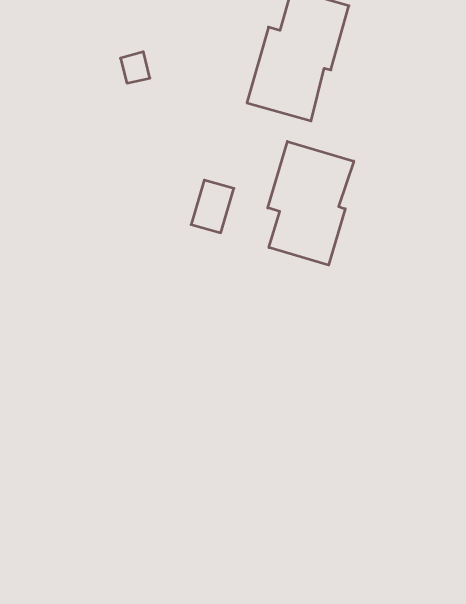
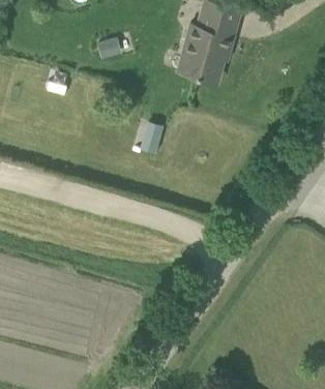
building: [268,141,354,265] -> none

